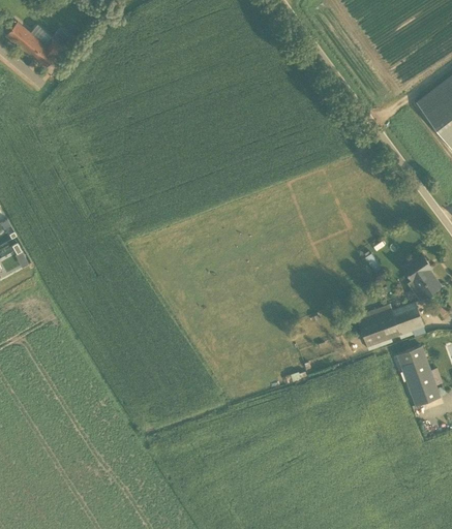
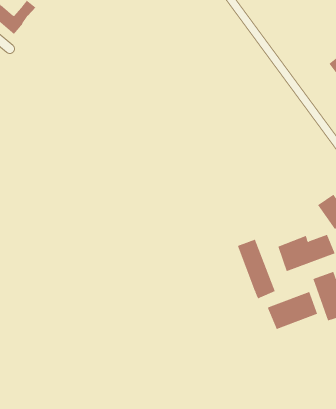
building: none -> [237,239,275,299]
building: none -> [267,291,318,330]

